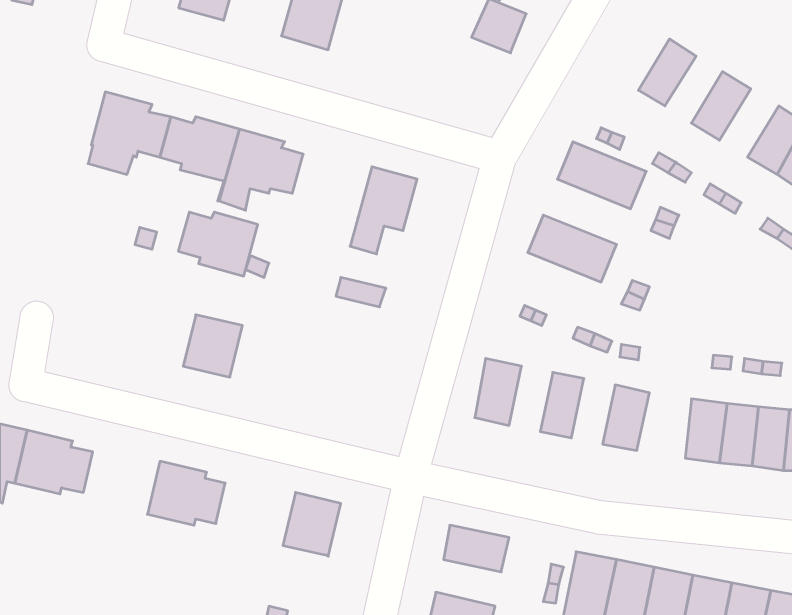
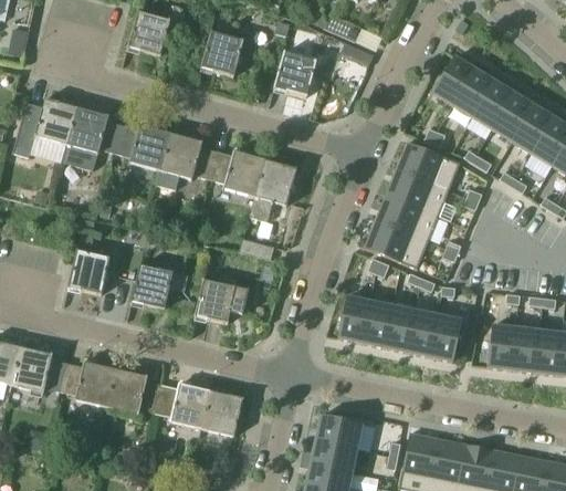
building: none -> [274,51,317,96]
building: none -> [432,55,476,105]
building: none -> [473,81,514,128]
building: none -> [13,97,76,156]
building: none -> [512,104,554,153]
building: none -> [387,168,449,215]
building: [178,212,258,276] -> [209,150,265,196]
building: none -> [365,220,428,268]
building: none -> [69,250,109,294]
building: none -> [195,279,249,323]
building: none -> [363,301,394,347]
building: none -> [407,310,438,356]
building: none -> [61,361,115,406]
building: none -> [155,383,211,428]
building: none -> [311,438,357,471]

